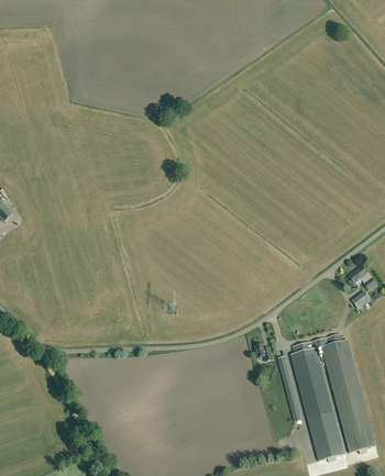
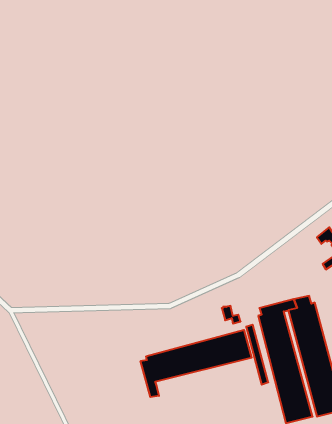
building: none -> [141,330,252,397]

